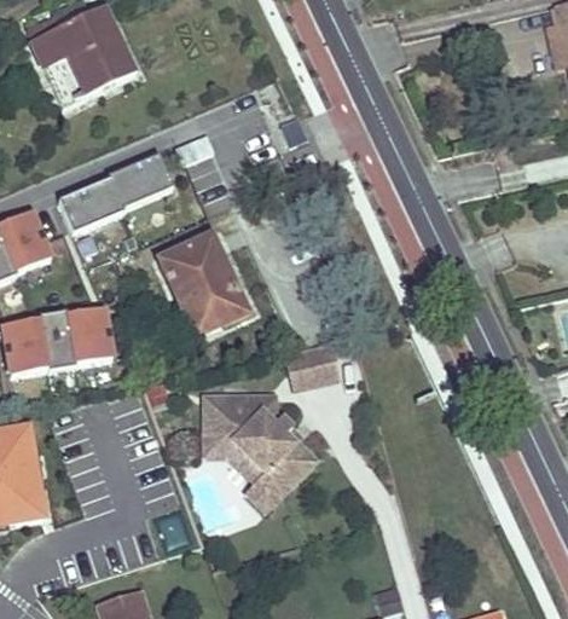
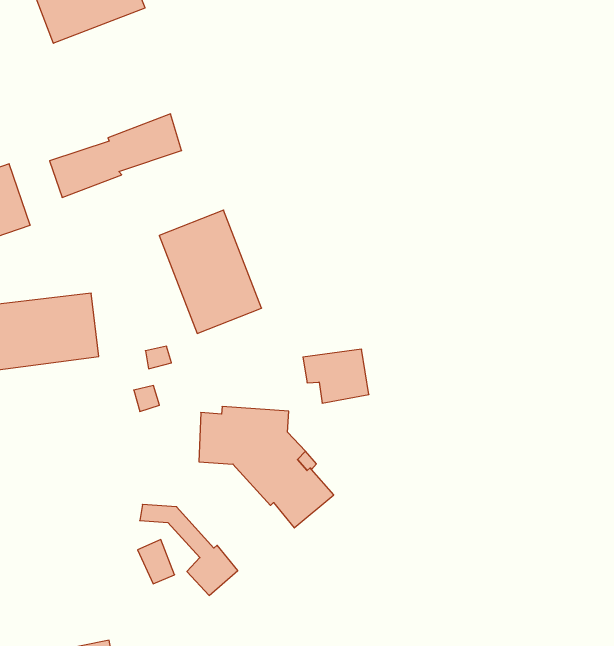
building: [203,436,285,507] -> [140,504,238,595]

